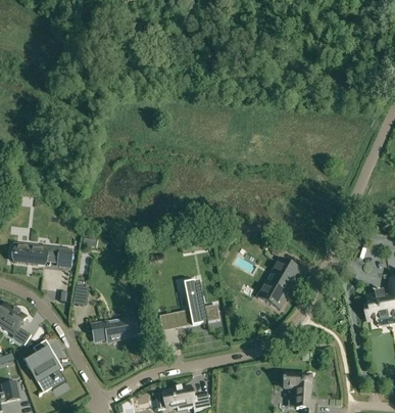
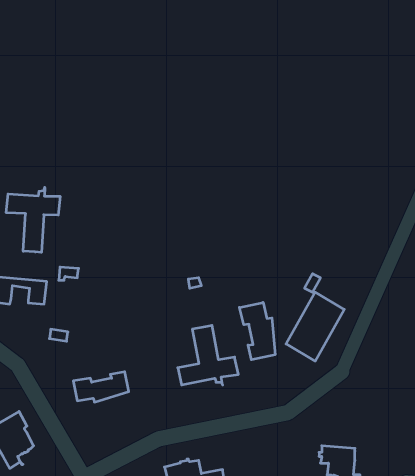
building: none -> [6,187,60,252]
building: none -> [239,302,275,360]

